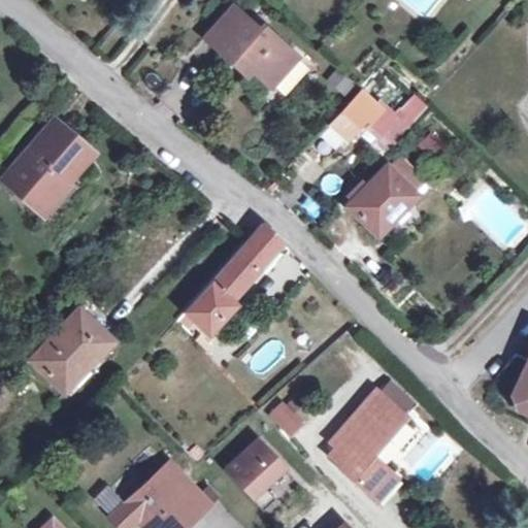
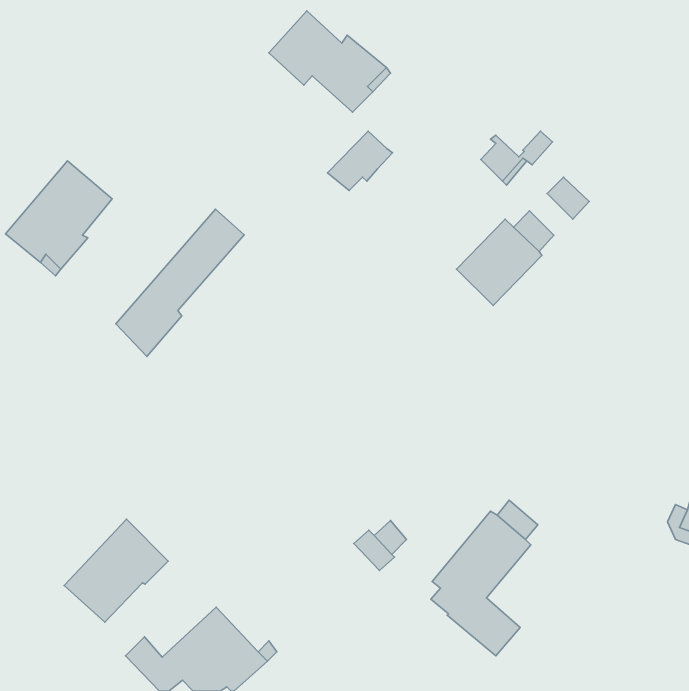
building: [330,93,380,138] -> [328,131,392,191]
building: [185,224,283,336] -> [116,209,244,356]
building: [32,310,111,389] -> [64,519,168,622]
building: [226,439,285,510] -> none

